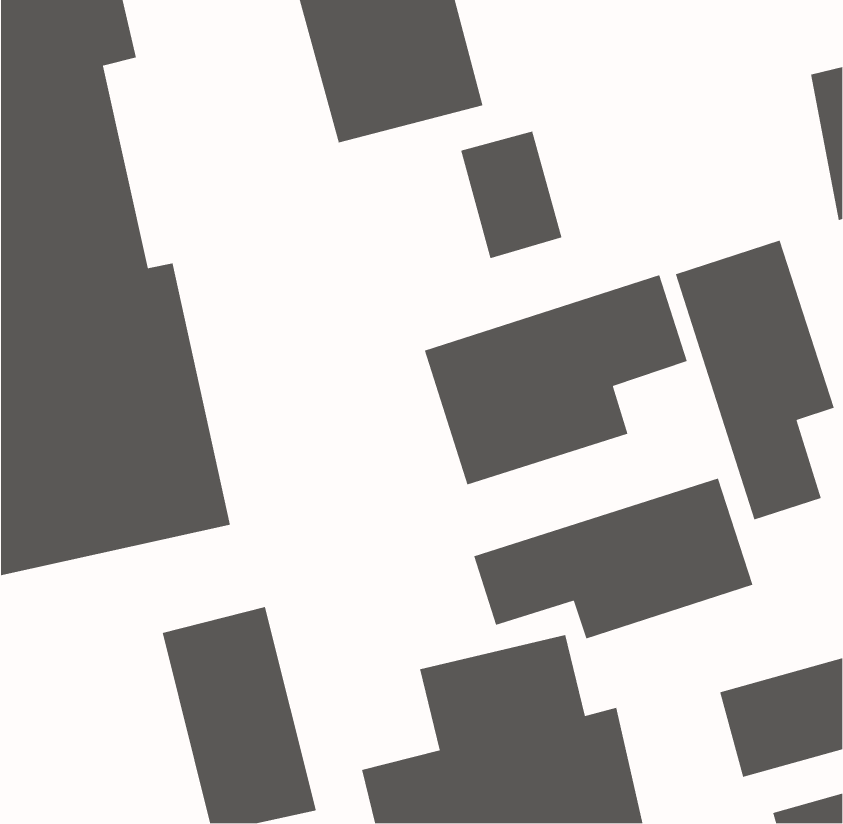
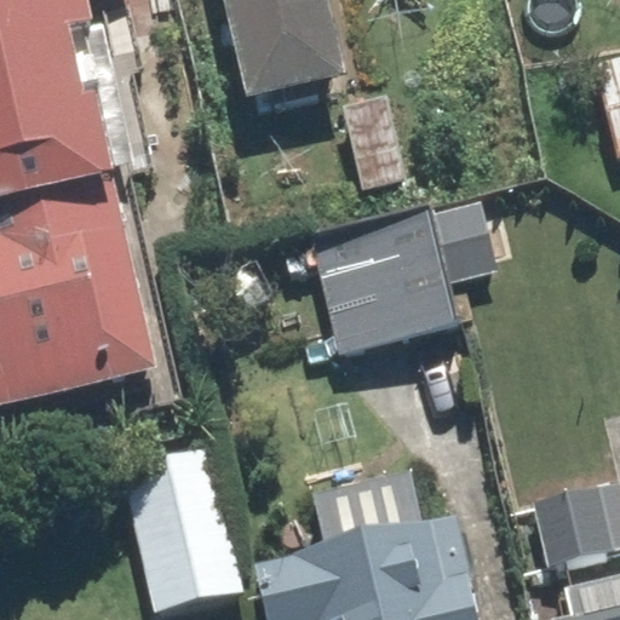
building: [675,240,835,521] -> none
building: [473,477,753,640] -> none

